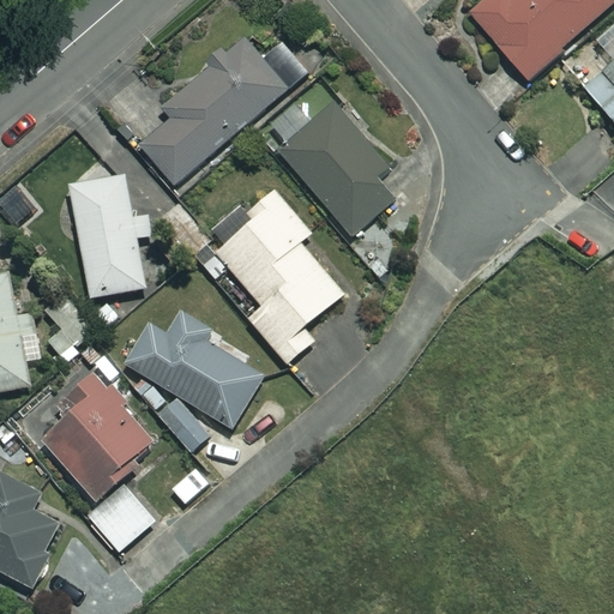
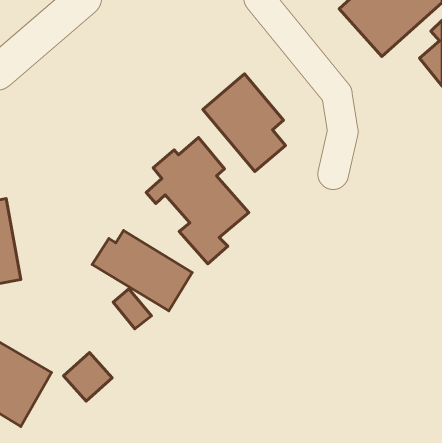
building: [139,37,288,185] -> none
building: [70,175,145,299] -> none
building: [38,368,157,500] -> none

